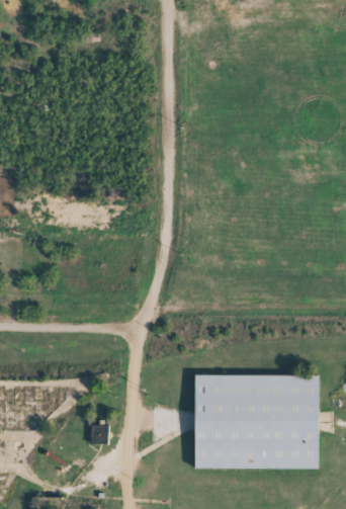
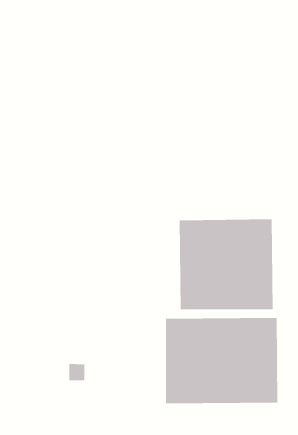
building: none -> [179,218,273,310]

